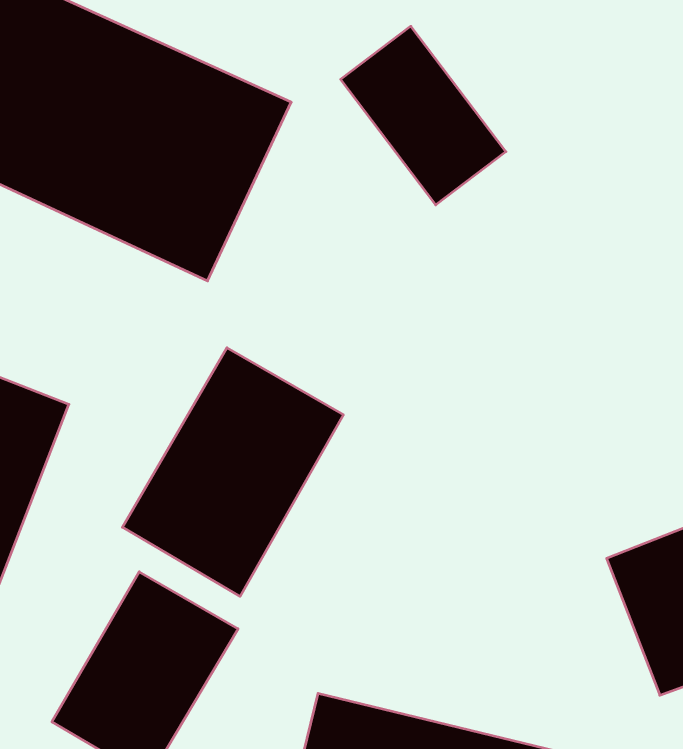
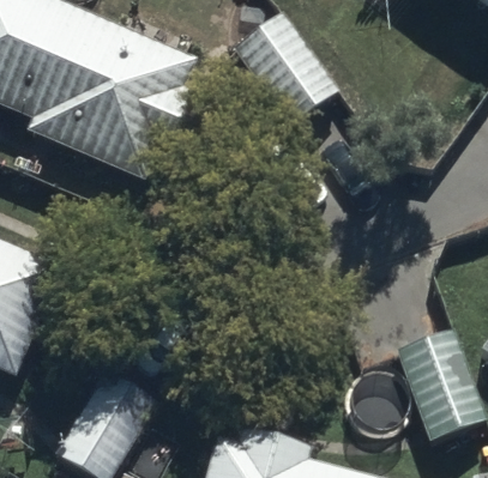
building: [122,348,343,596] -> none

